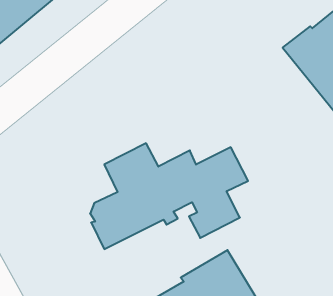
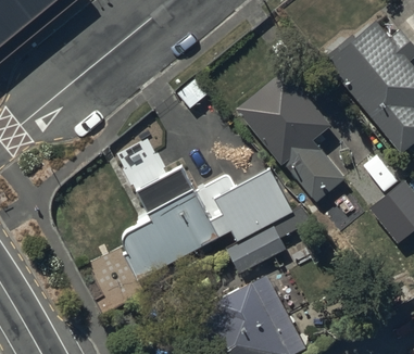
building: none -> [237,68,349,204]

